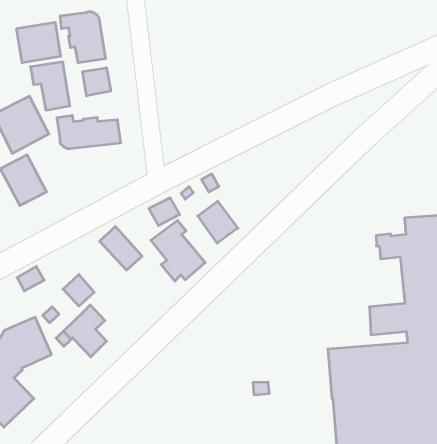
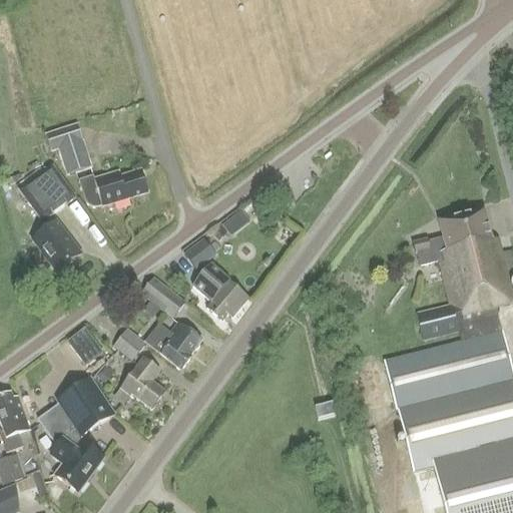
building: [60,12,105,63] -> none
building: [17,22,61,63] -> none
building: [83,68,111,96] -> none
building: [198,201,238,243] -> none
building: none -> [144,320,201,368]

